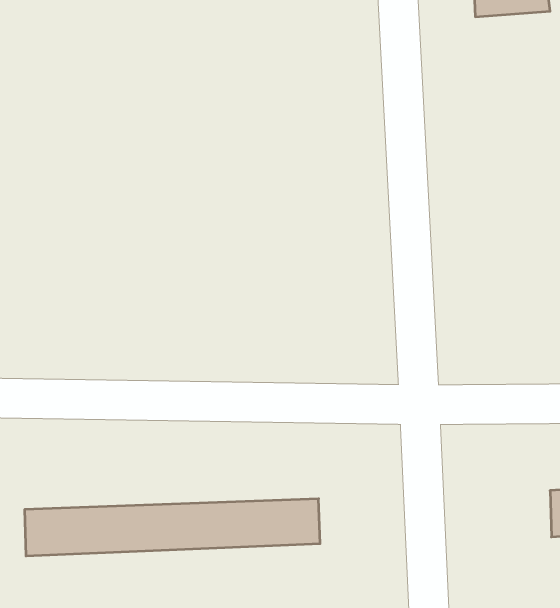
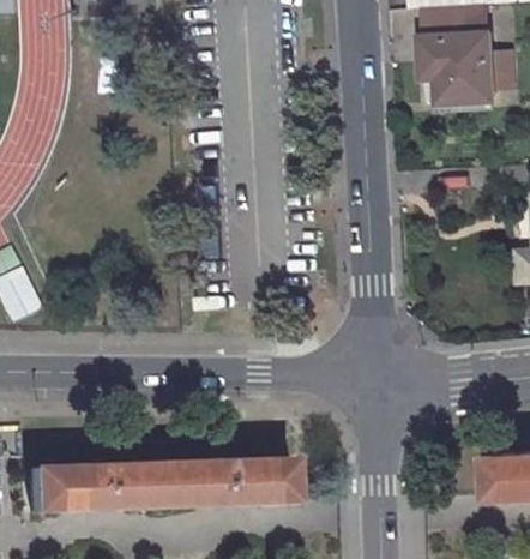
building: none -> [426,31,495,102]

